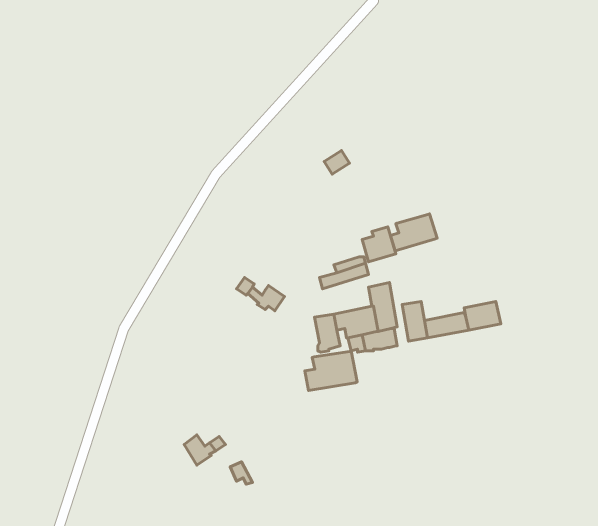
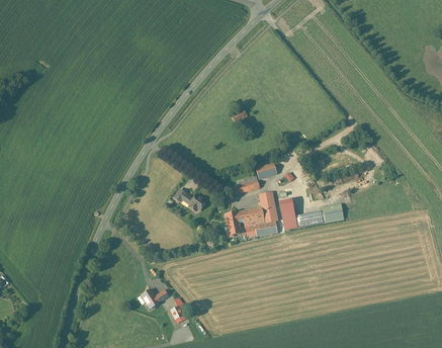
building: [390,214,437,251] -> none
building: [305,351,357,390] -> none

